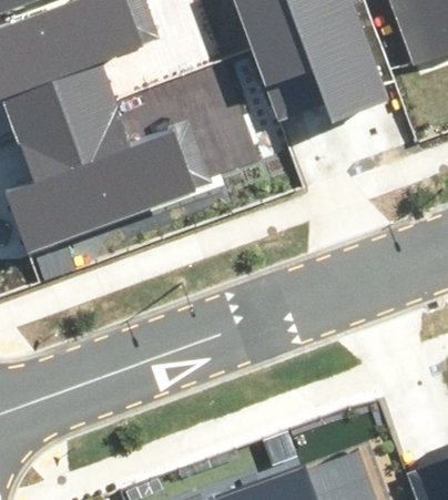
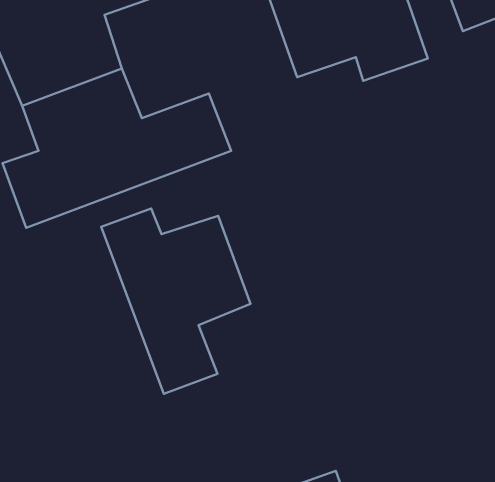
building: none -> [101,208,250,394]

